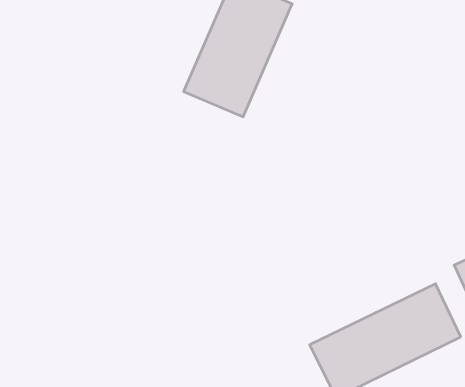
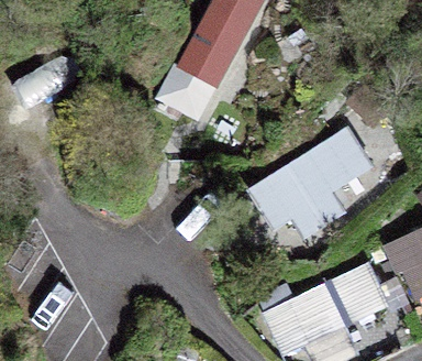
building: none -> [246,127,376,238]

